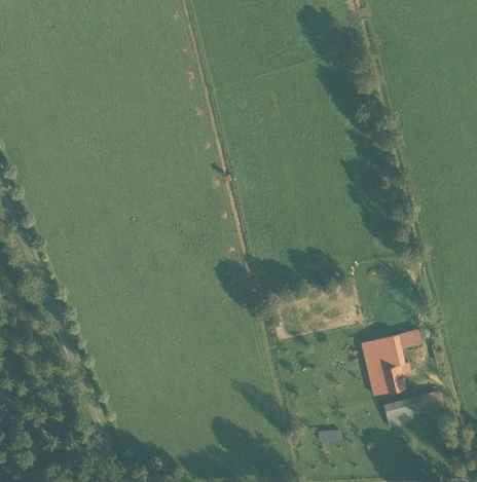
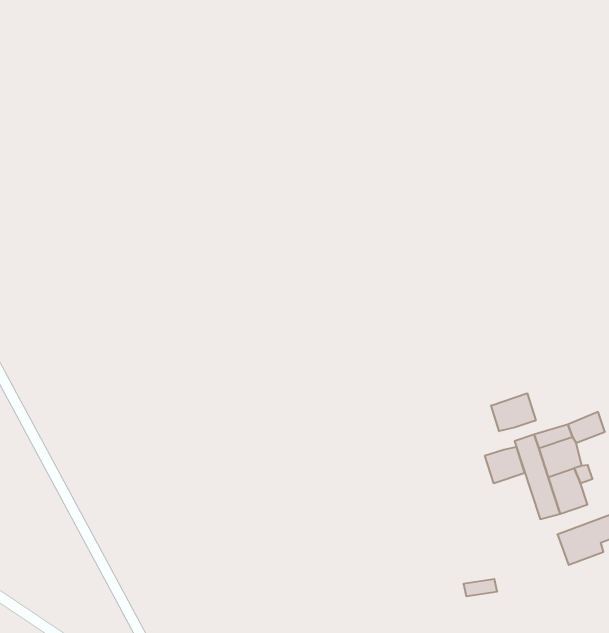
building: none -> [491,393,536,431]
building: none -> [485,447,525,483]

